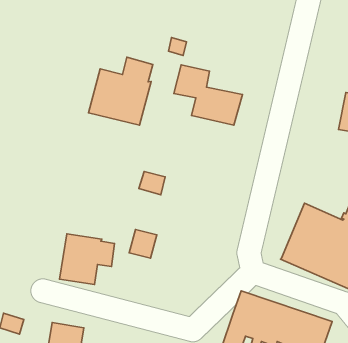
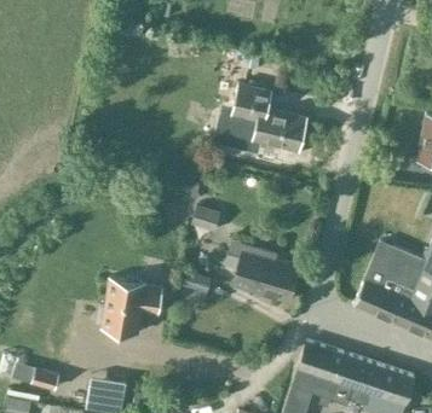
building: [89,57,153,125] -> none
building: none -> [224,240,299,299]

